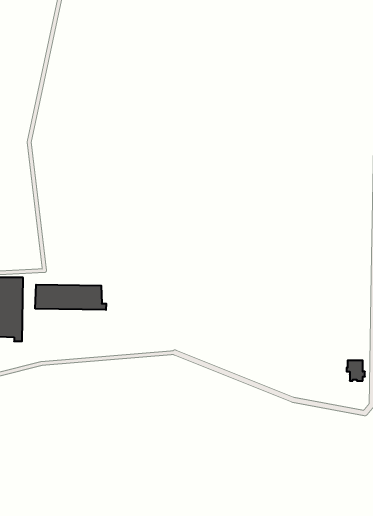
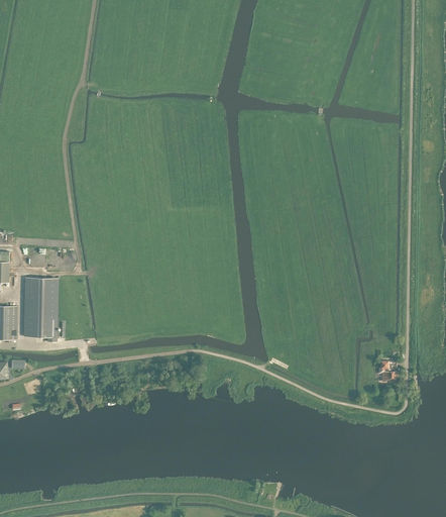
building: [35,285,106,310] -> none

